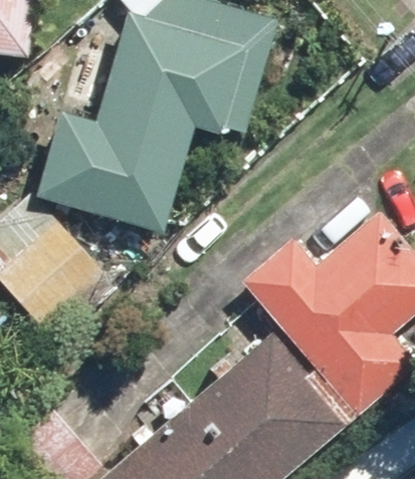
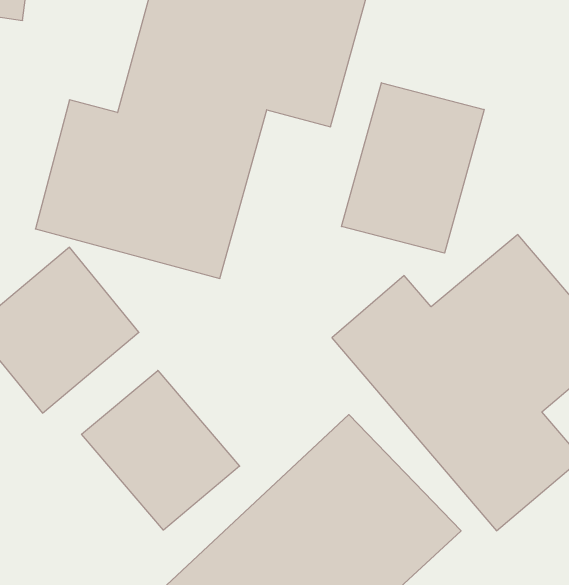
building: none -> [342,83,484,253]
building: none -> [82,370,240,530]

